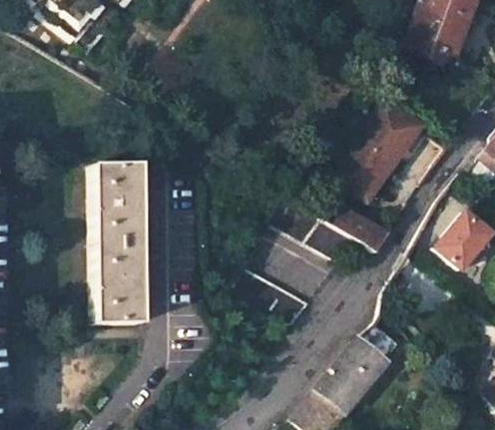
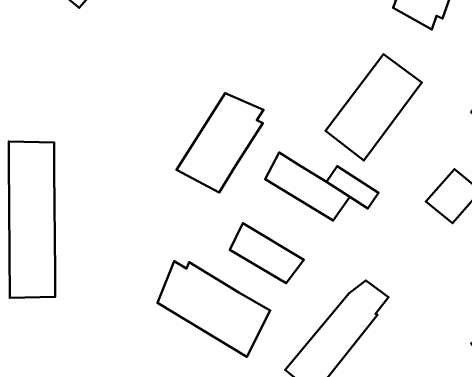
building: none -> [176,93,264,193]
building: [95,160,142,320] -> [9,141,55,298]
building: none -> [157,261,270,357]

